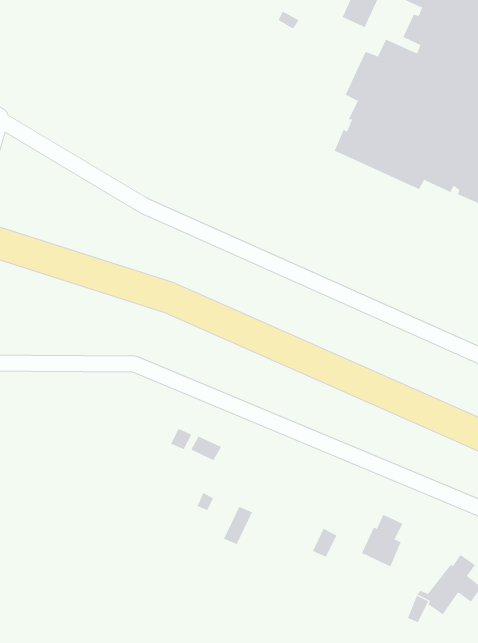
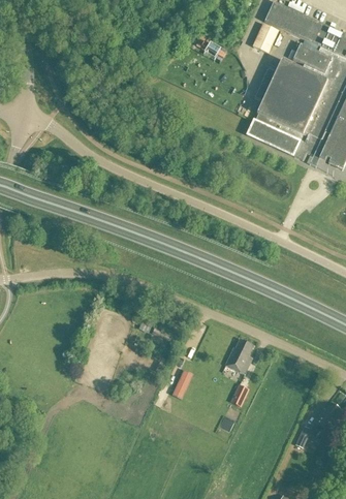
building: [361,514,403,567] -> [225,340,253,375]

